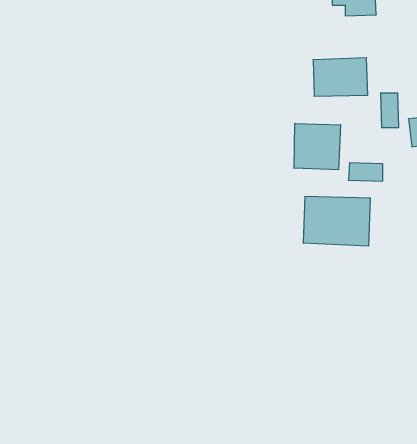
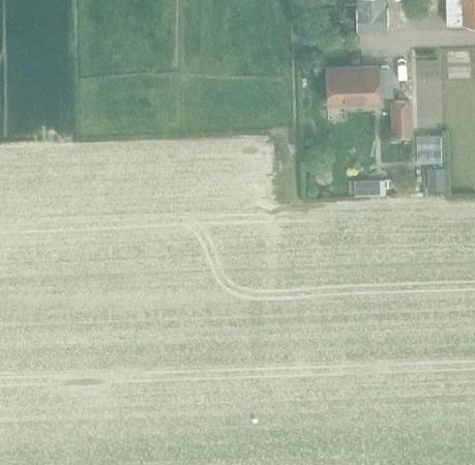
building: [294,123,341,170] -> none
building: [304,196,370,246] -> none

